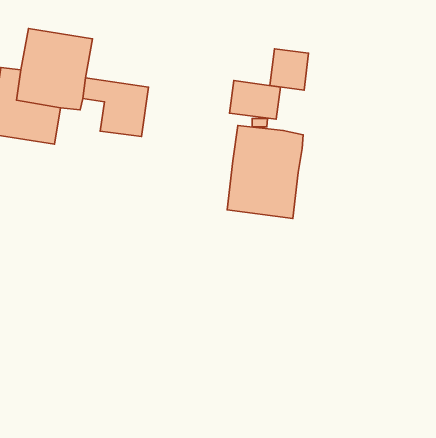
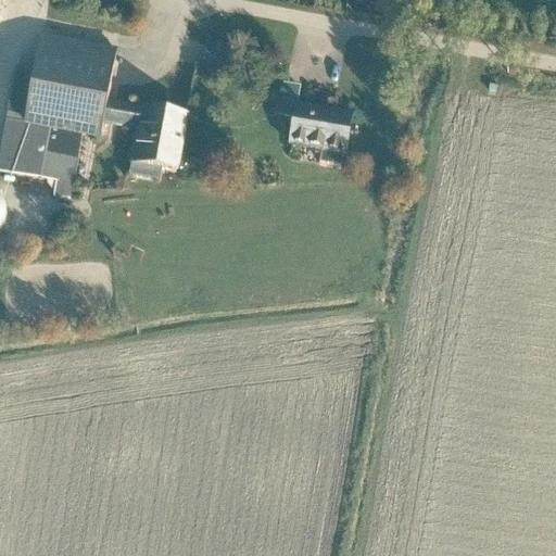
building: [270,49,308,90] -> none
building: [227,125,303,219] -> none

